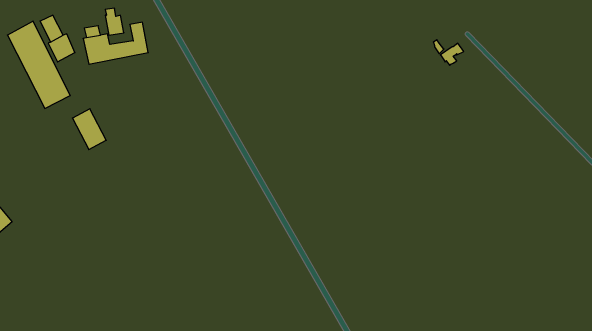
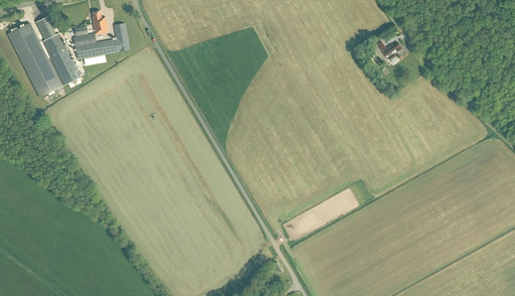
building: [72,109,106,150] -> [50,48,79,84]

